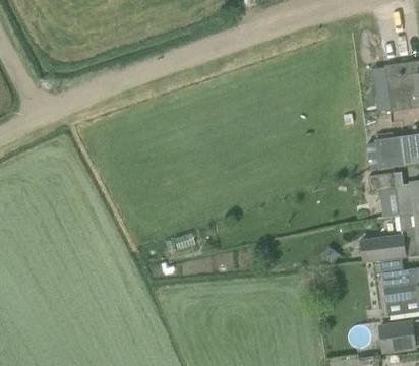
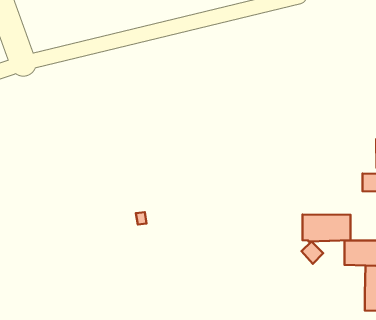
building: none -> [303,215,351,242]

